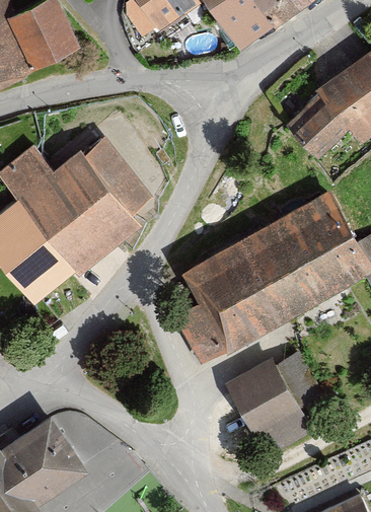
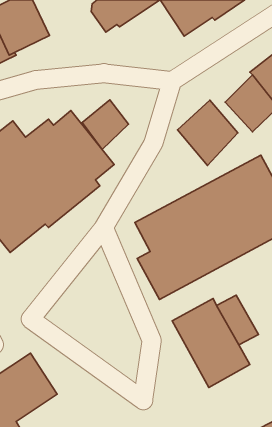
building: none -> [82,100,129,149]
building: none -> [177,100,238,165]

